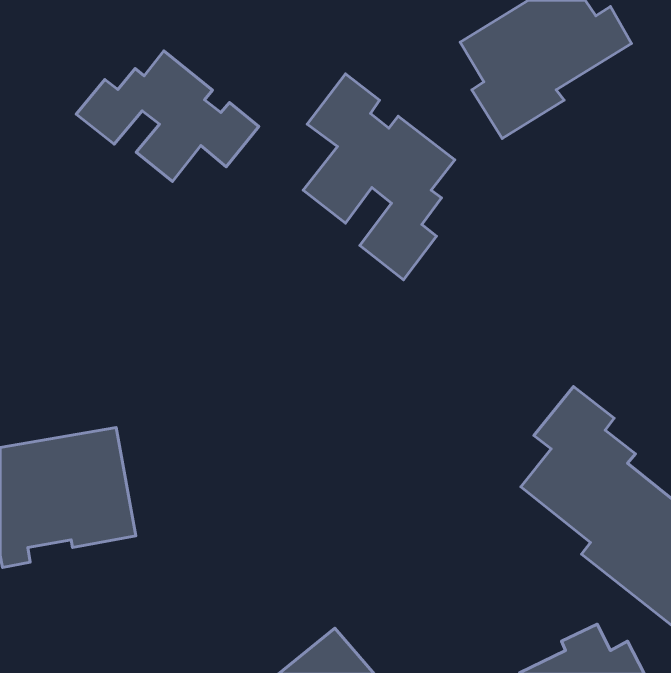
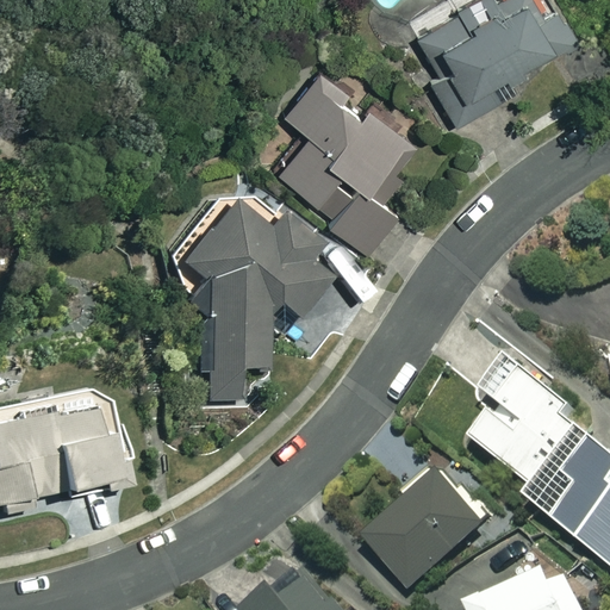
building: [76,51,259,181] -> none
building: none -> [181,200,330,402]
building: none -> [367,477,488,593]

